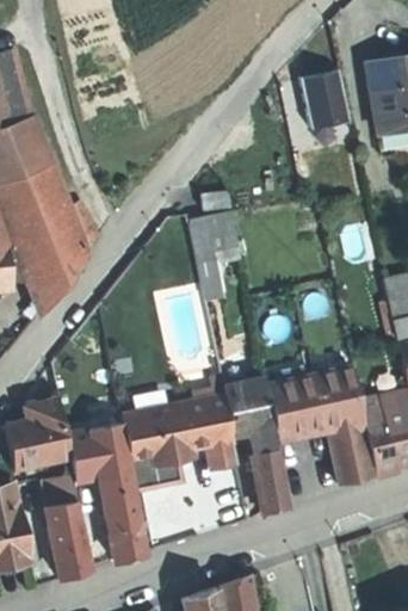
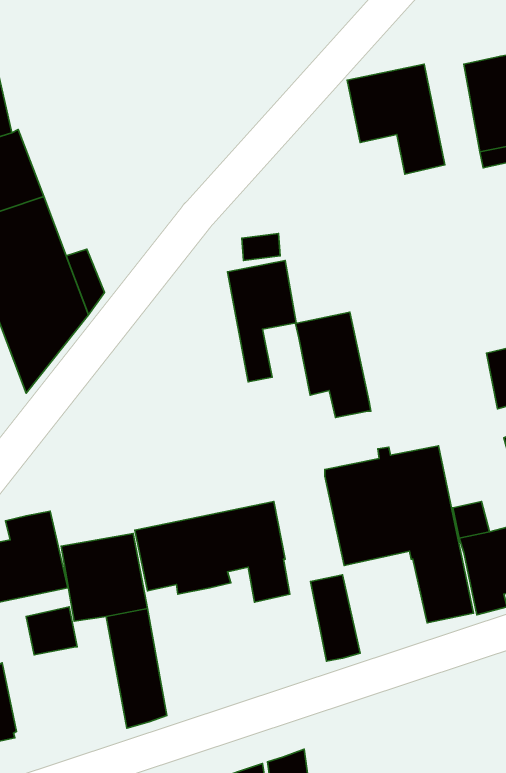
building: [223,375,279,453] -> [296,312,371,418]
building: [131,456,183,490] -> none
building: [47,502,89,581] -> none

